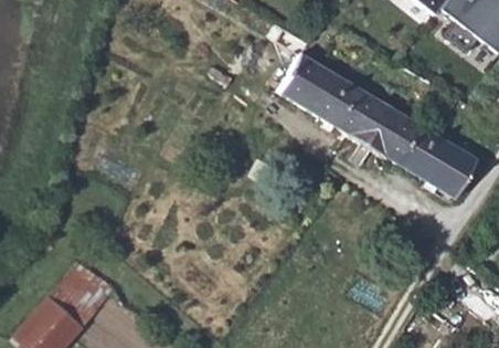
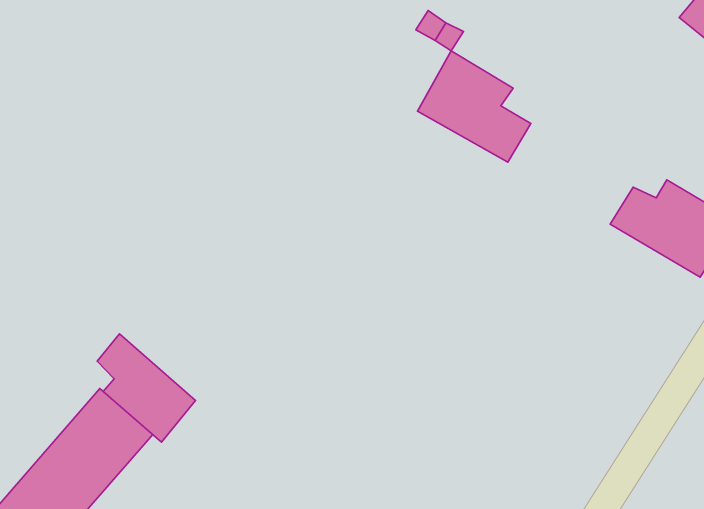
building: [331,77,435,162] -> none
building: none -> [97,334,196,442]

